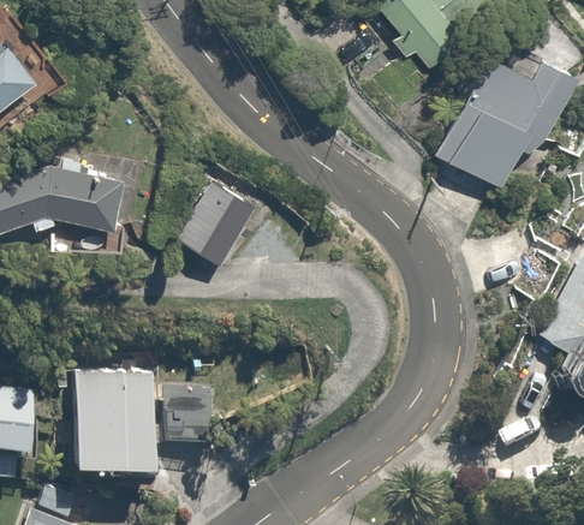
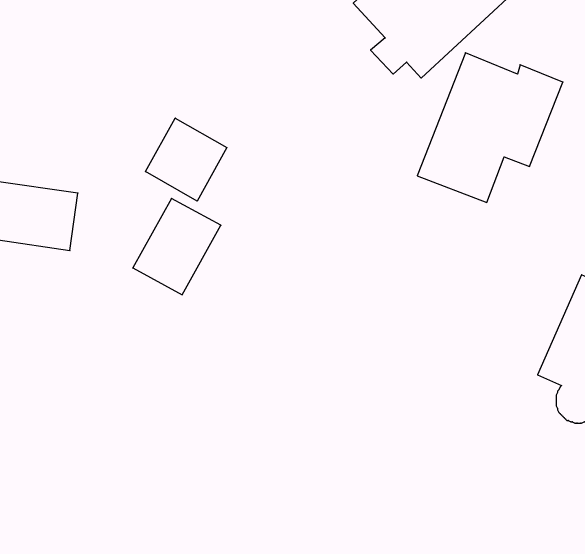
building: none -> [145,118,227,201]
building: [67,366,225,466] -> none

